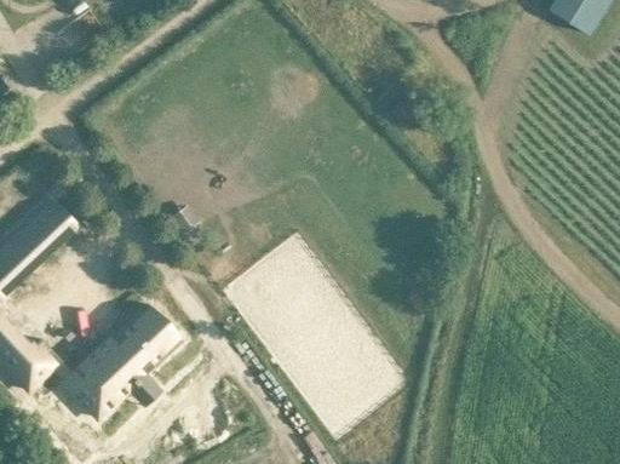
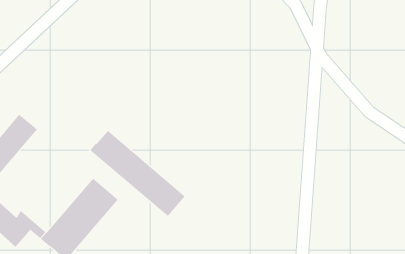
building: none -> [89,130,185,217]

